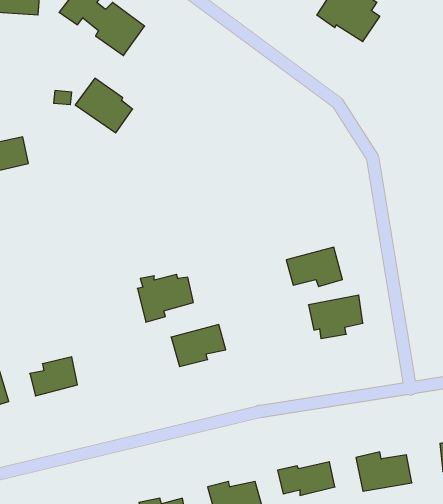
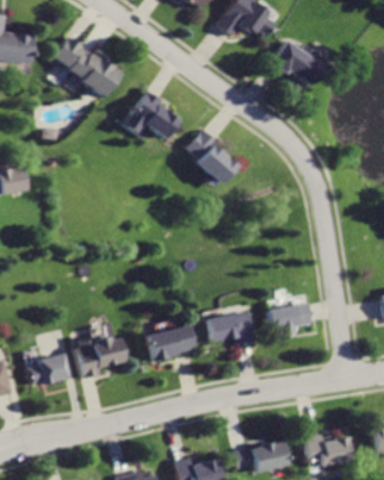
building: [75,78,133,133] -> [134,93,182,139]
building: none -> [191,131,237,183]
building: [286,247,342,287] -> [204,312,252,345]
building: [137,274,193,322] -> [76,337,124,378]

